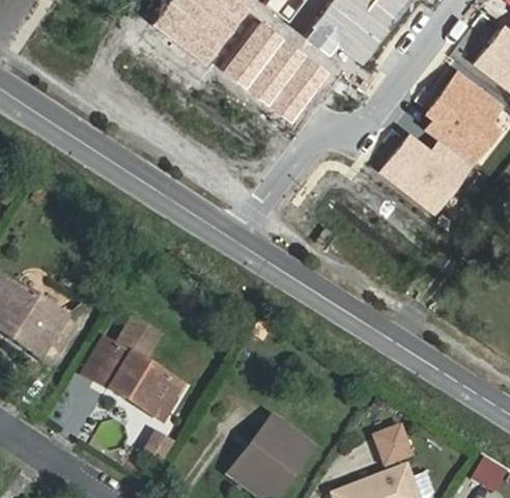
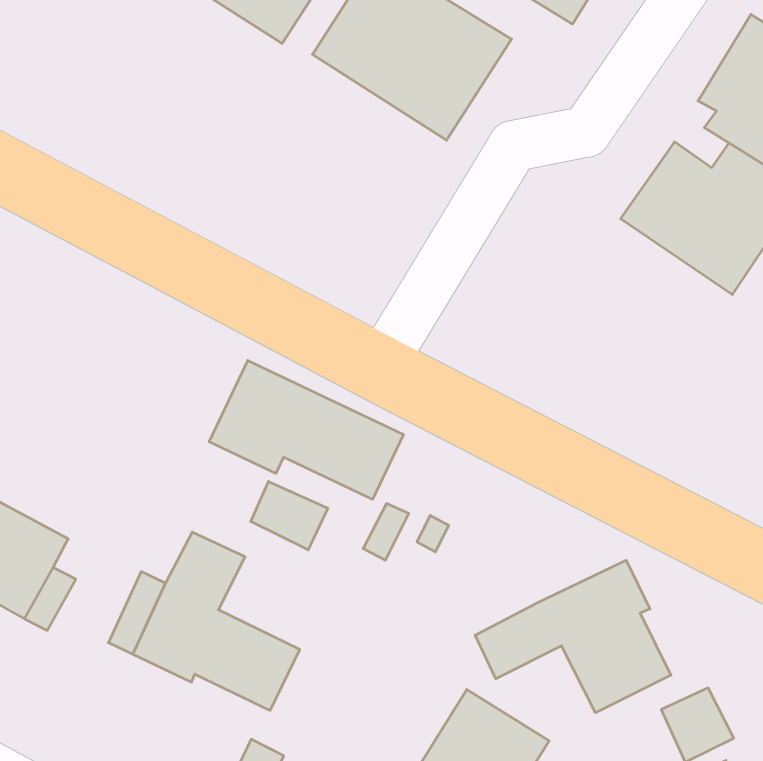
building: none -> [209,360,403,499]
building: none -> [251,481,328,550]
building: none -> [475,560,671,713]

